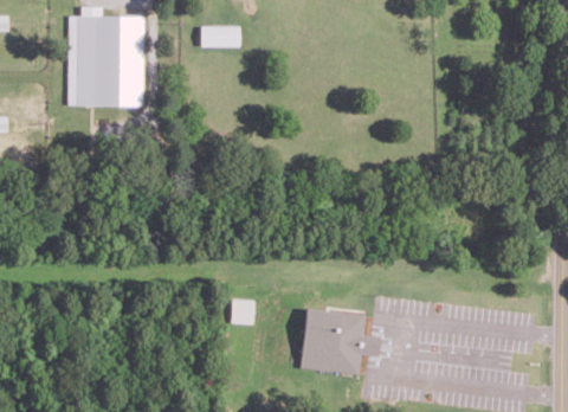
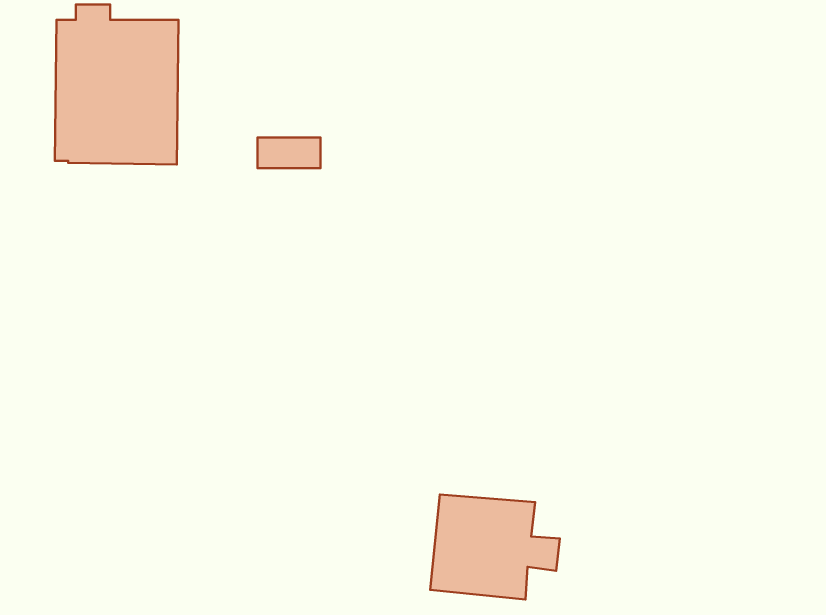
building: [200,26,239,45] -> [258,138,320,168]
building: [231,300,254,324] -> none

